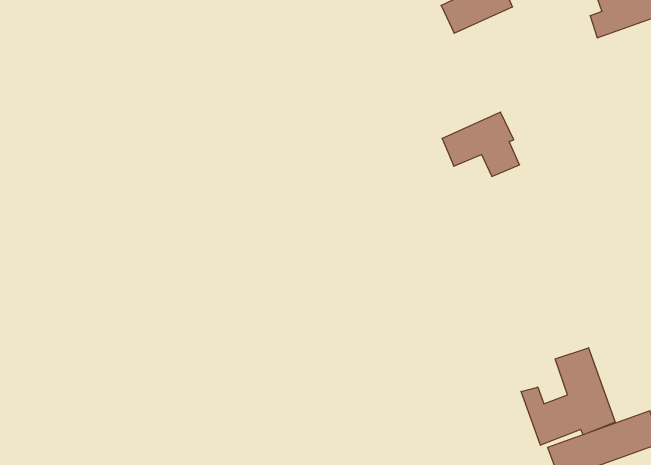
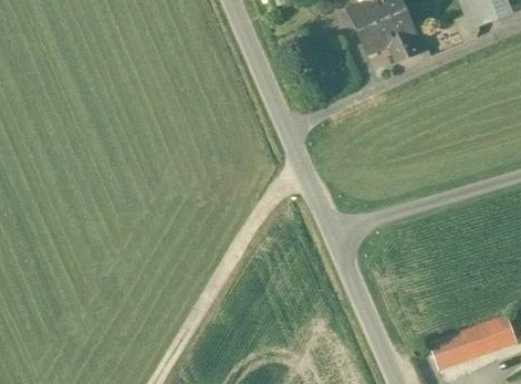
building: [442,112,520,176] -> [358,10,417,59]
building: [521,348,615,445] -> none

